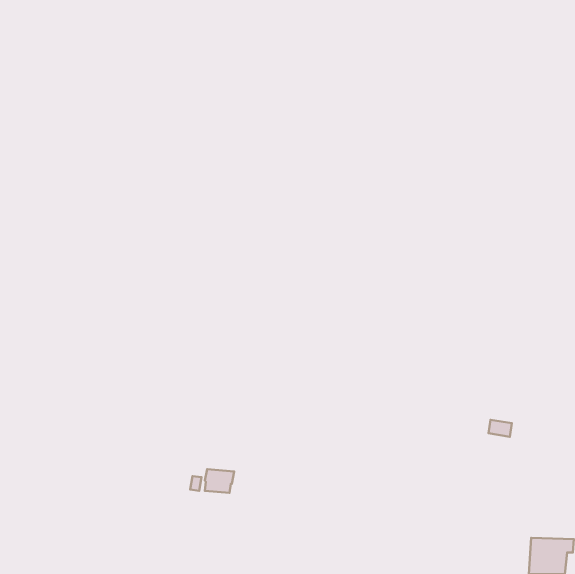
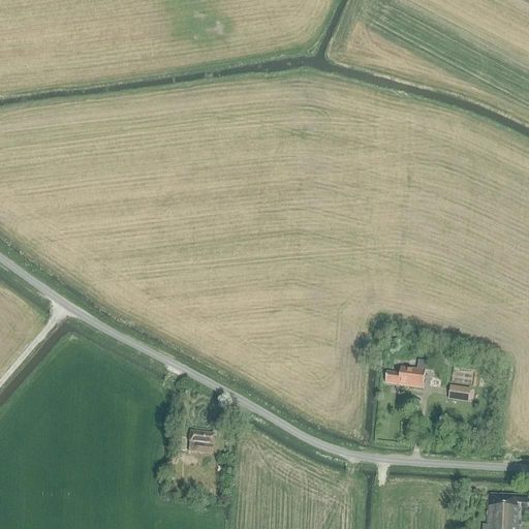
building: none -> [384,360,433,387]

